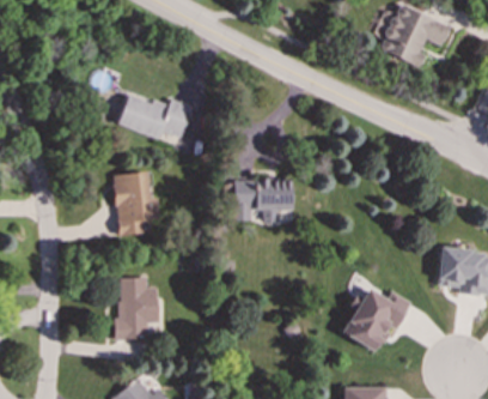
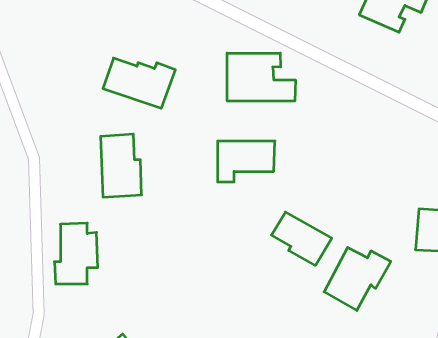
building: none -> [227,53,295,101]
building: none -> [271,212,332,265]
building: [114,277,158,339] -> [54,223,98,284]

